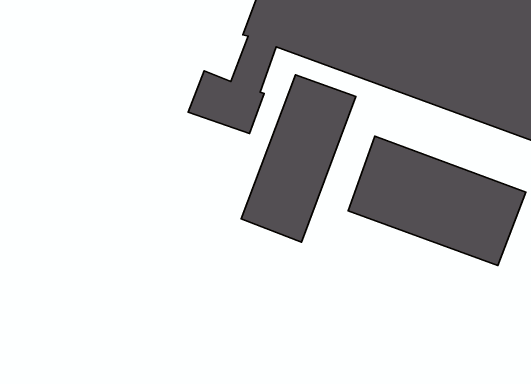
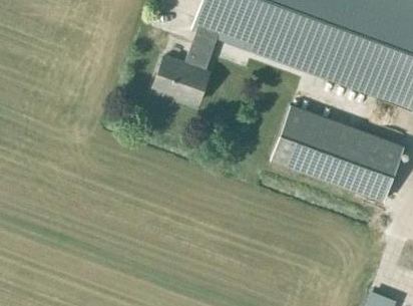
building: [241,75,356,242] -> none

